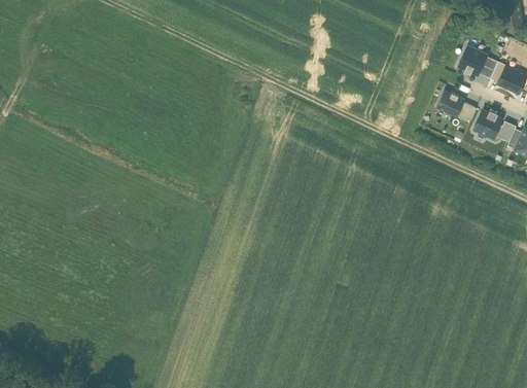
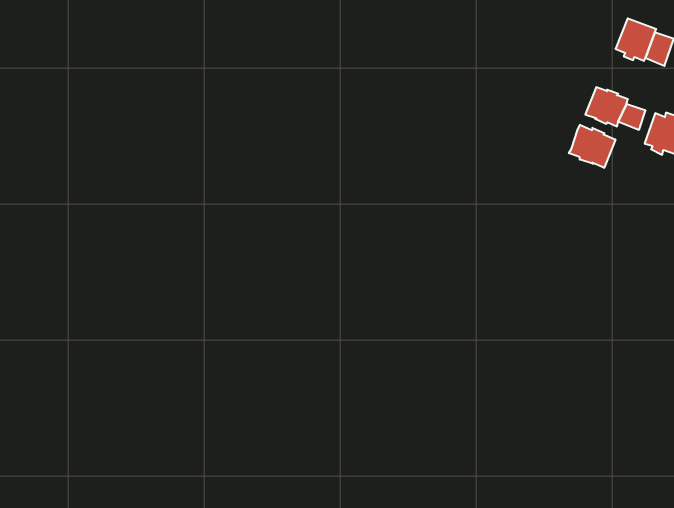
building: none -> [569,125,615,168]

